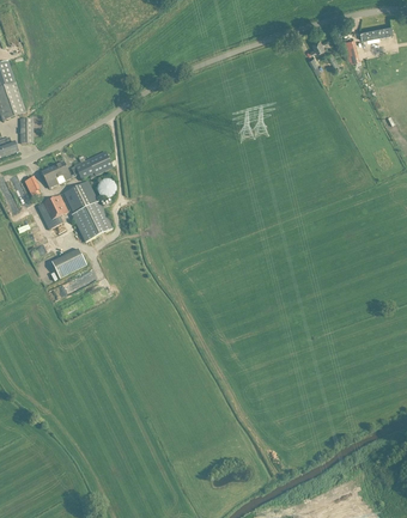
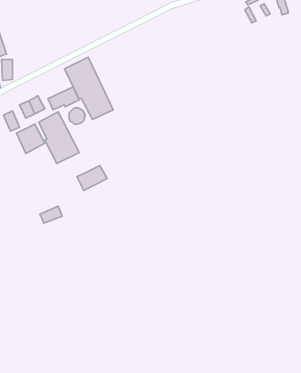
building: none -> [65,57,113,120]
building: [50,249,86,279] -> [77,165,107,191]

